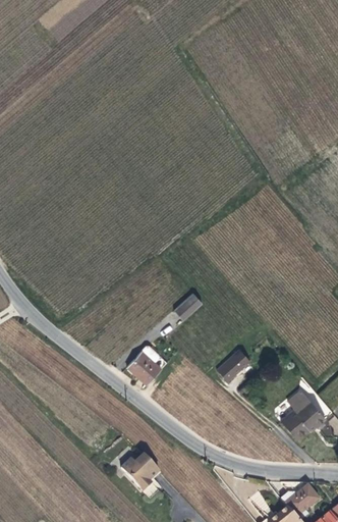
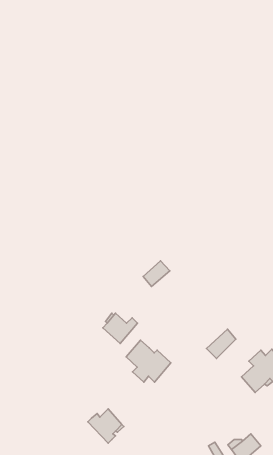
building: [220,351,252,383] -> [206,329,236,359]
building: none -> [126,340,171,382]

